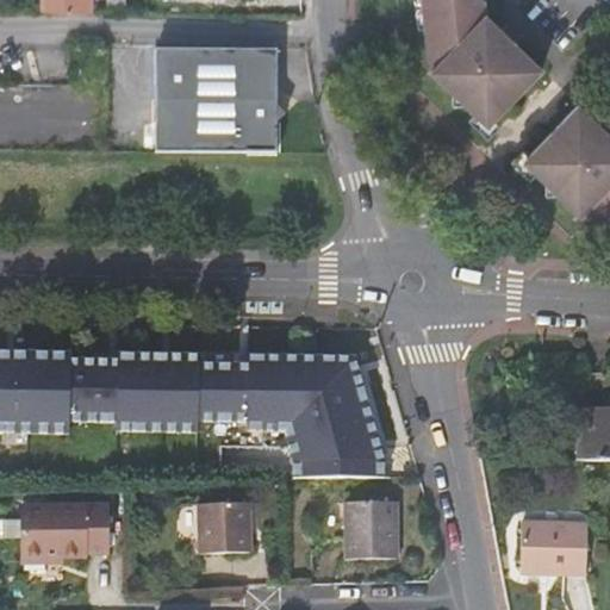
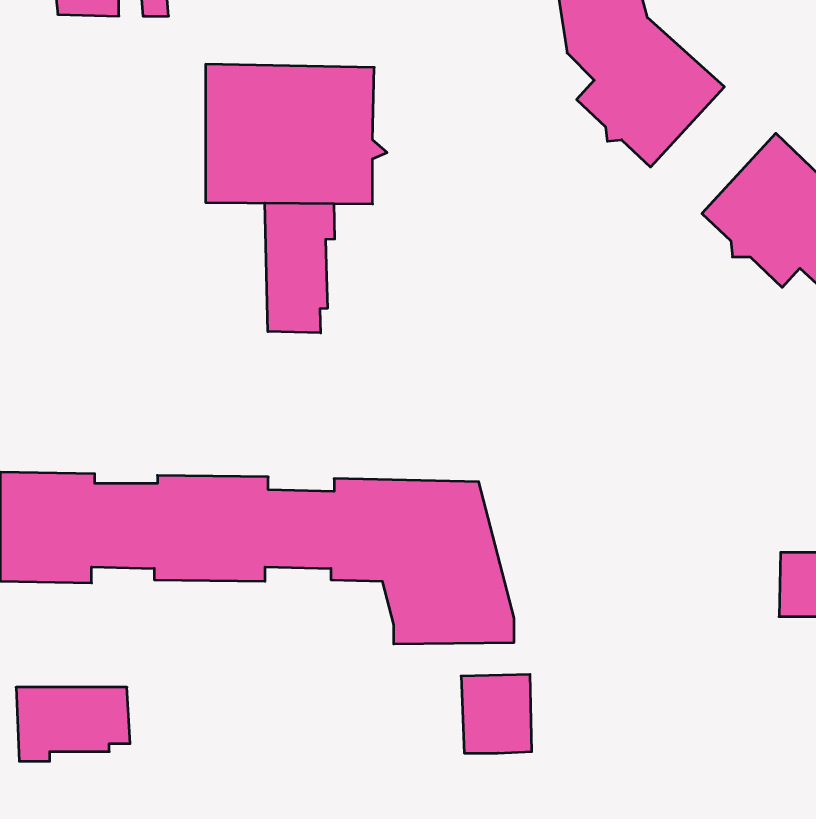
building: none -> [265,203,335,333]
building: [193,504,244,554] -> none
building: [524,522,591,575] -> none

